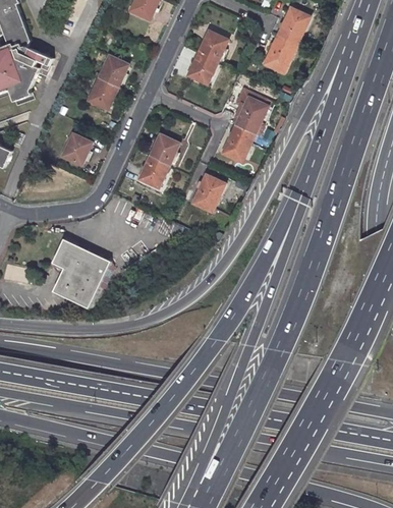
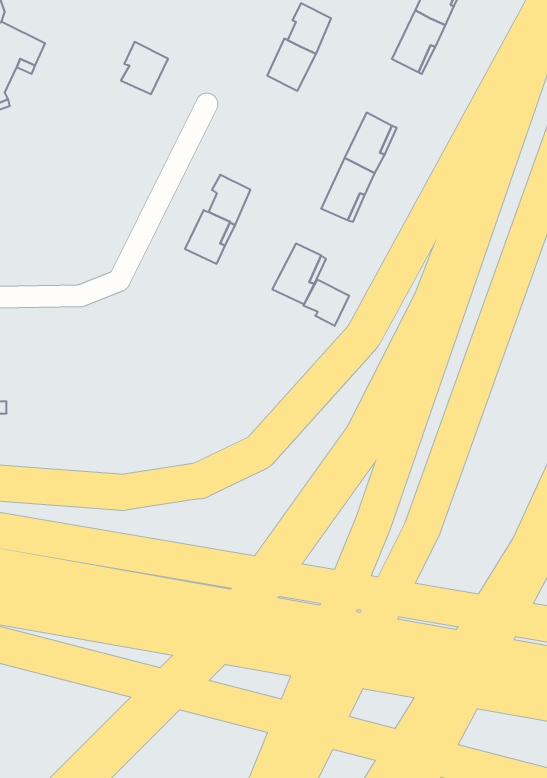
building: [85,79,116,111] -> none
building: [61,134,89,165] -> none
building: none -> [303,280,349,326]
building: [54,239,114,309] -> none

